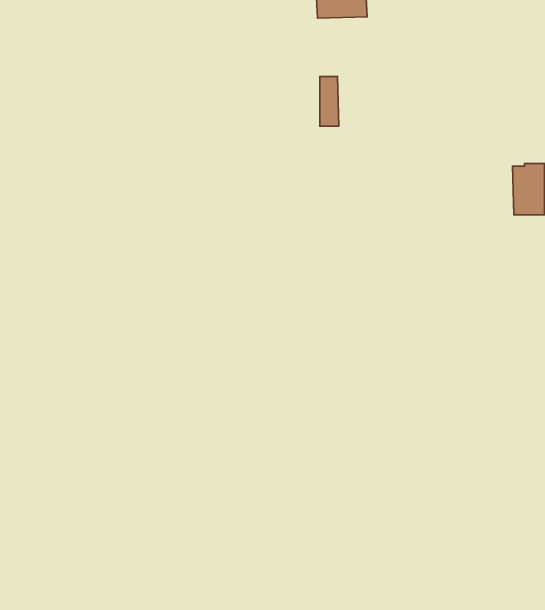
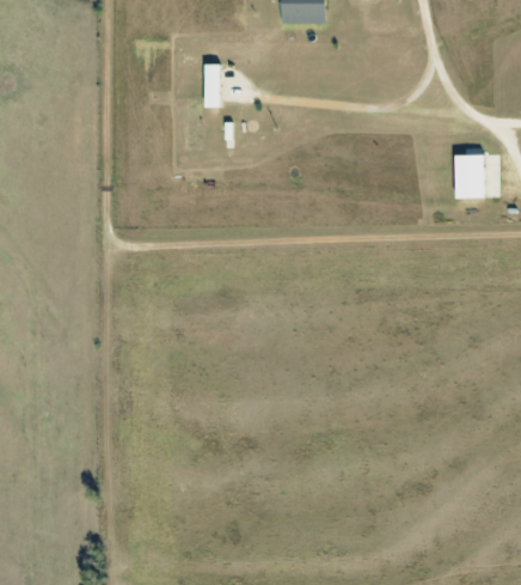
building: [320,76,339,126] -> [204,62,221,106]

